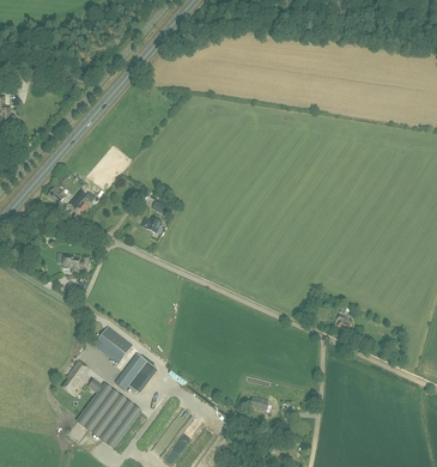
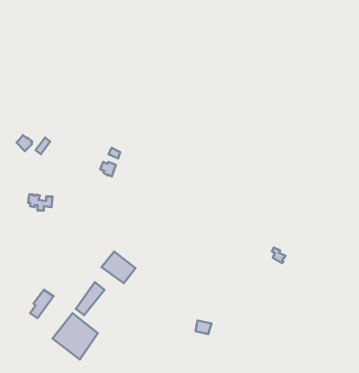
building: [93,327,132,363] -> [102,251,136,283]

